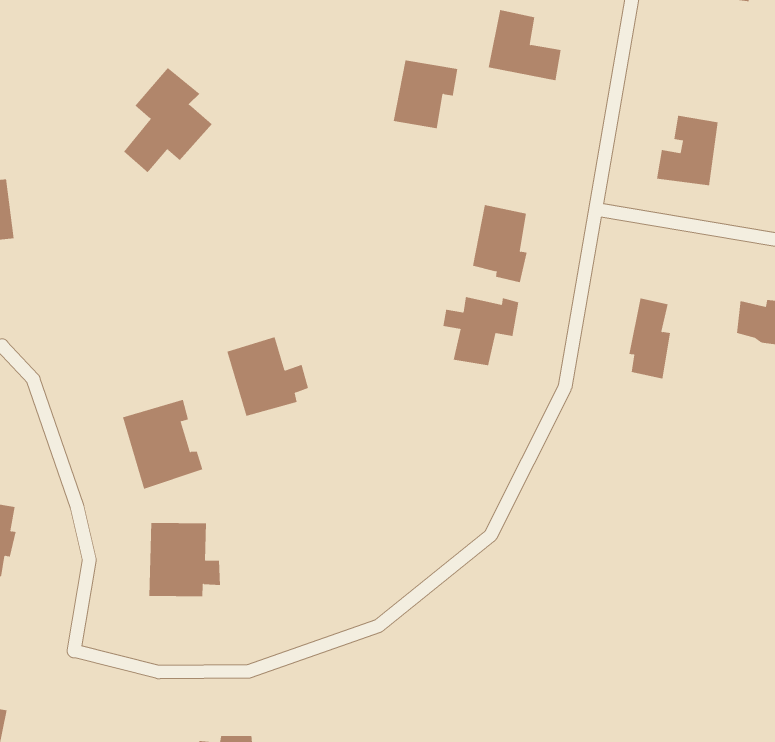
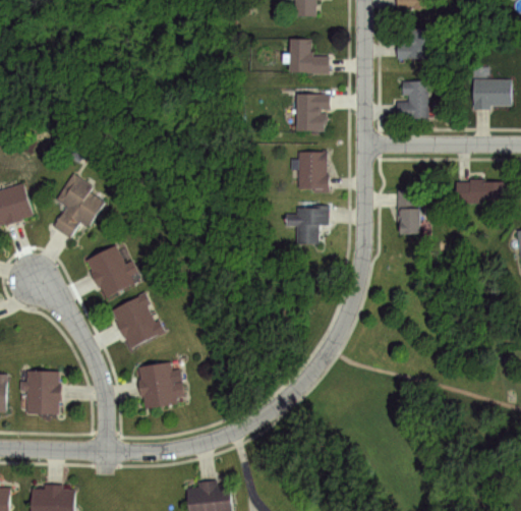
building: none -> [397,30,432,58]
building: [393,60,458,129] -> [297,94,330,130]
building: [123,67,213,173] -> [55,174,104,237]
building: [227,337,309,416] -> [88,247,138,296]

